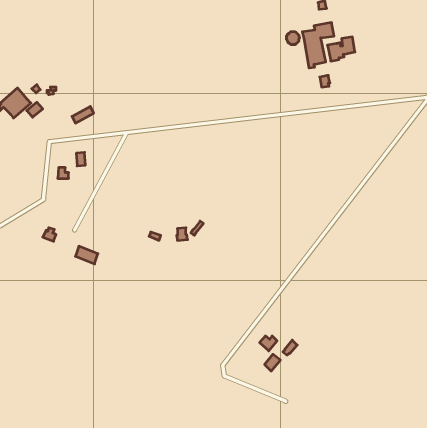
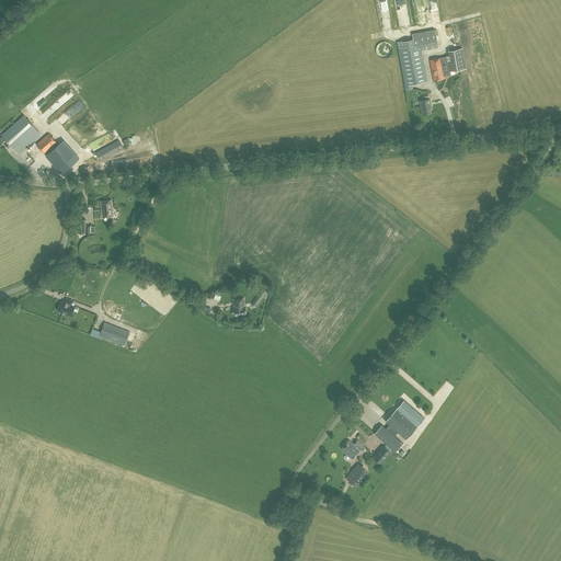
building: none -> [45,140,78,173]
building: none -> [374,400,424,451]

